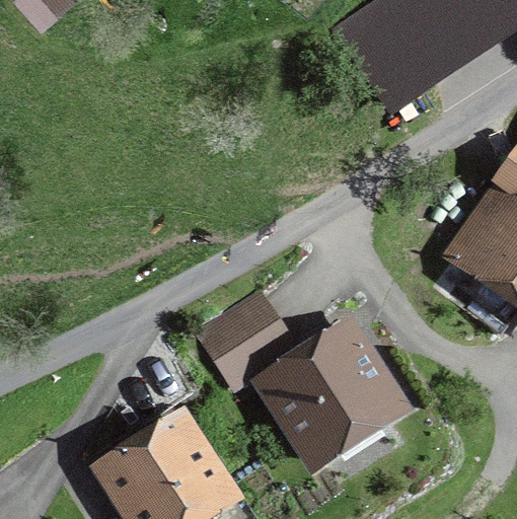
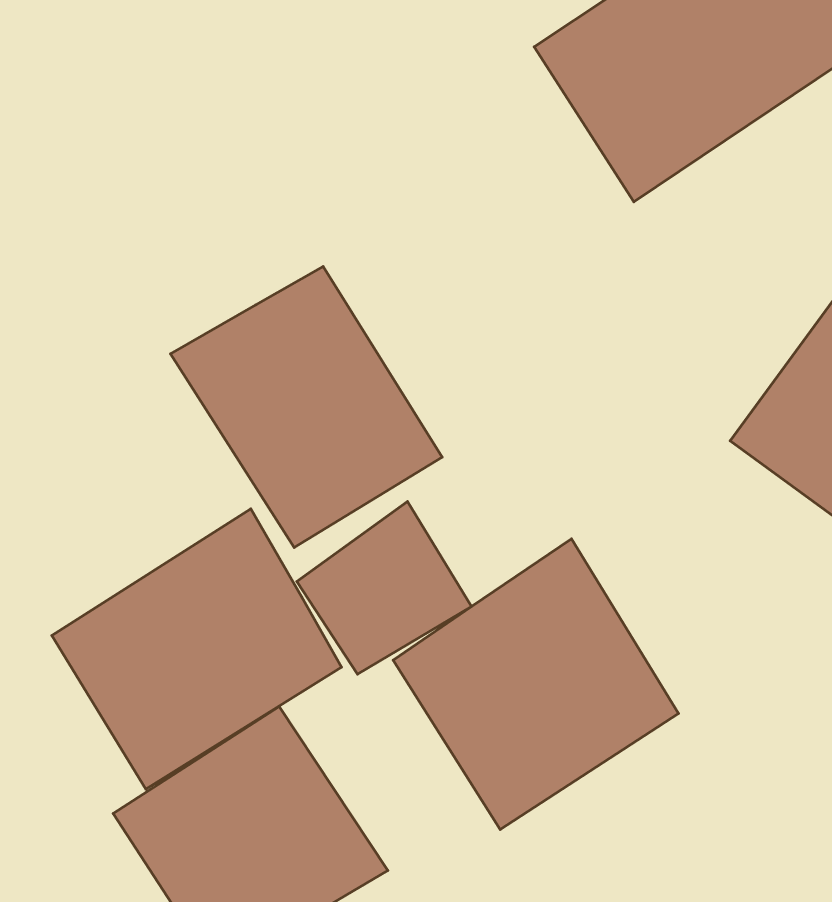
building: none -> [171,267,442,547]
building: none -> [52,509,342,789]

